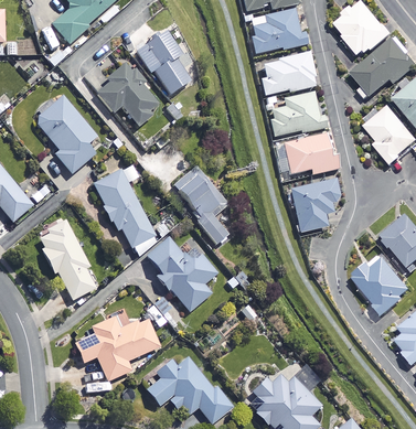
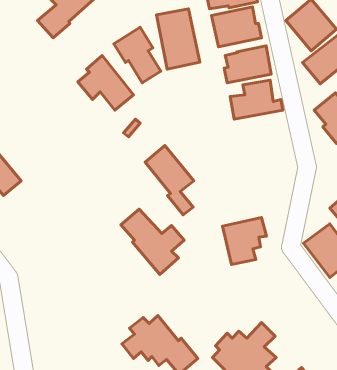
building: none -> [156,9,200,69]
building: [38,96,97,174] -> none
building: [284,133,340,174] -> none
building: [94,170,159,250] -> none
building: [290,179,340,232] -> [223,218,267,264]
building: [36,222,96,300] -> none
building: [76,315,160,380] -> none

